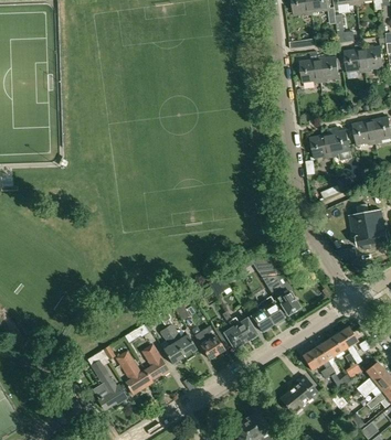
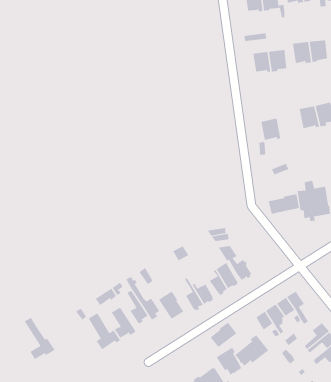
building: [326,127,350,160] -> none
building: none -> [268,194,300,214]
building: none -> [210,322,237,348]
building: [92,362,127,409] -> [24,317,55,360]
building: none -> [216,347,242,375]

